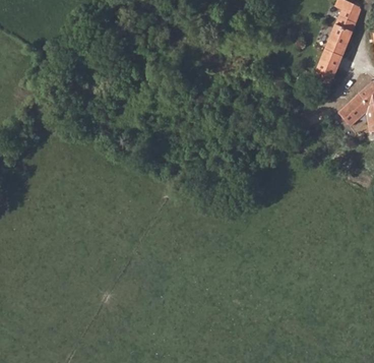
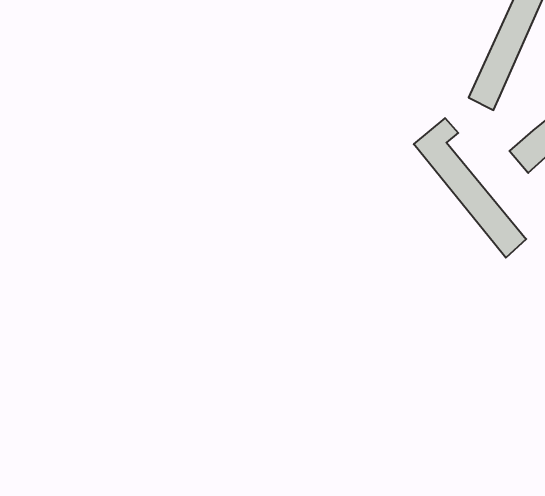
building: none -> [414,118,526,258]

